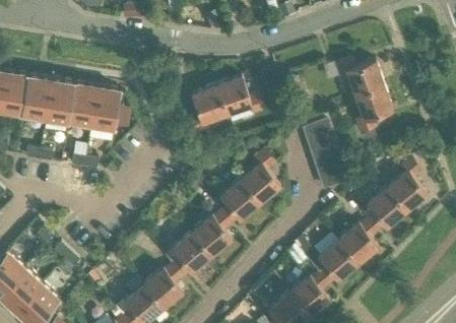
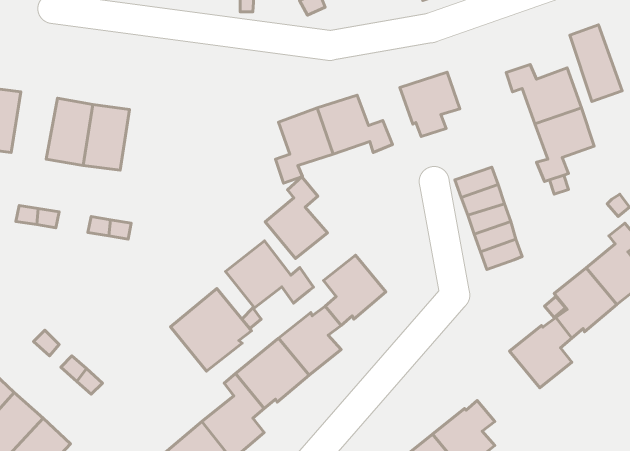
building: none -> [570,25,622,101]
building: none -> [400,72,460,137]
building: [22,76,52,119] -> none
building: [91,87,121,130] -> none
building: [241,151,280,203] -> [265,177,327,258]
building: none -> [225,241,314,308]
building: none -> [170,289,251,371]
building: [318,241,357,285] -> none

